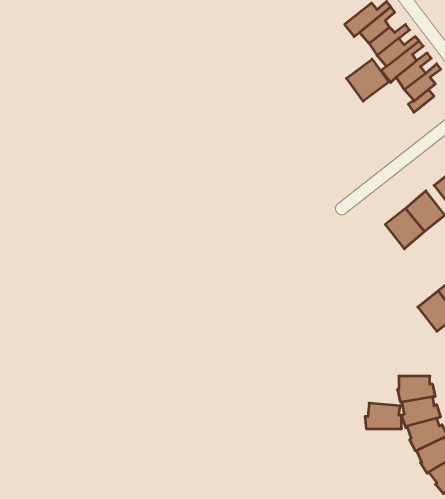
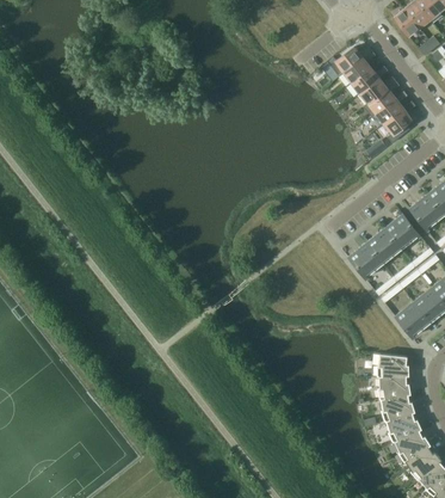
building: [346,59,389,101] -> none
building: none -> [348,242,384,278]
building: [365,403,402,429] -> [377,353,409,376]

